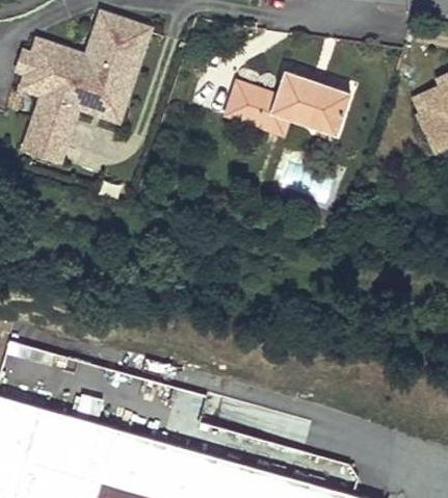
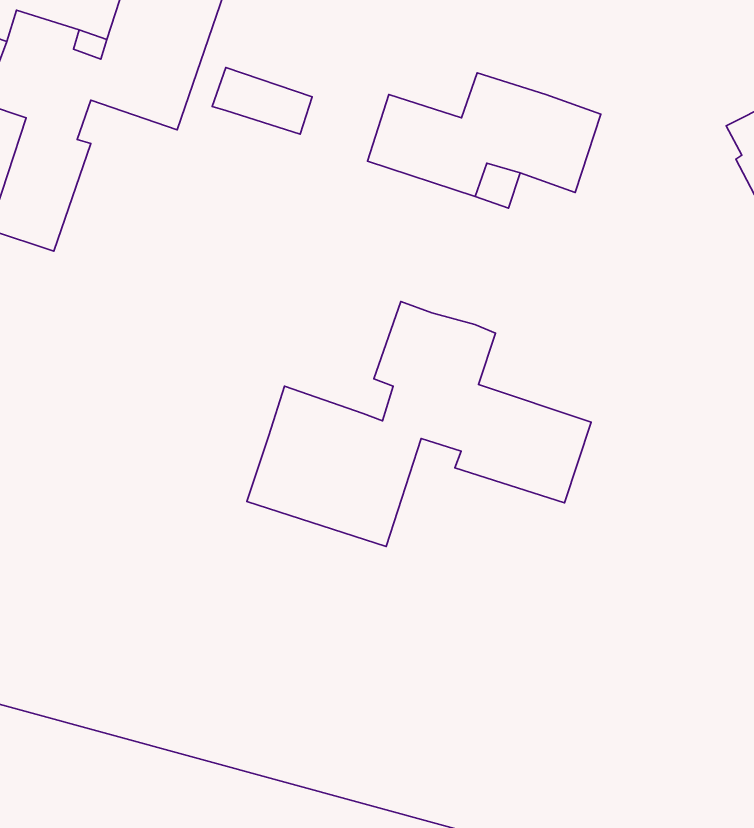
building: [71,86,124,122] -> [212,67,312,134]
building: none -> [247,301,591,547]

